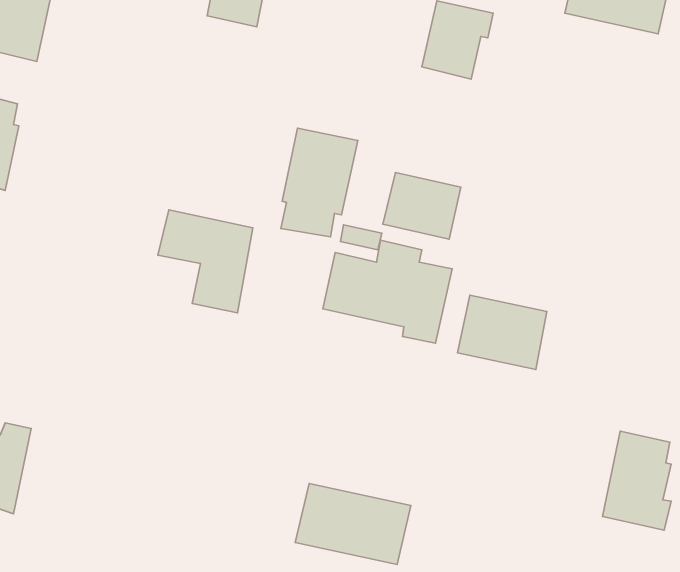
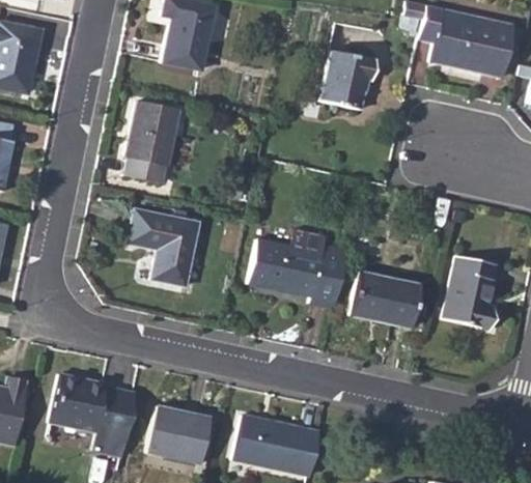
building: [281,128,358,237] -> [132,103,190,184]
building: [383,172,461,239] -> none
building: none -> [50,372,136,454]
building: [602,431,671,530] -> [444,255,496,330]
building: none -> [146,400,212,458]

